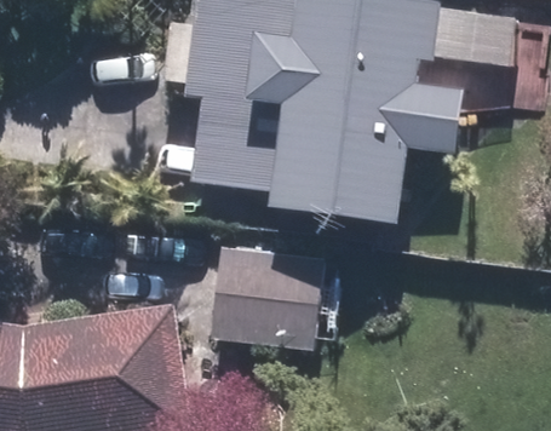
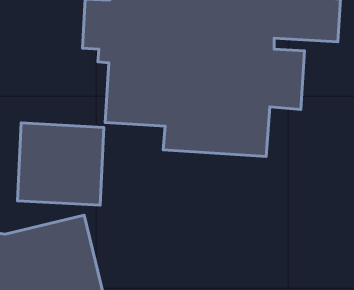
building: [210,235,323,344] -> [17,123,104,205]

